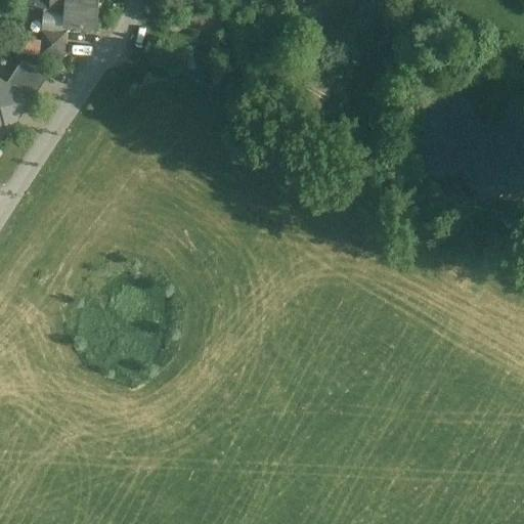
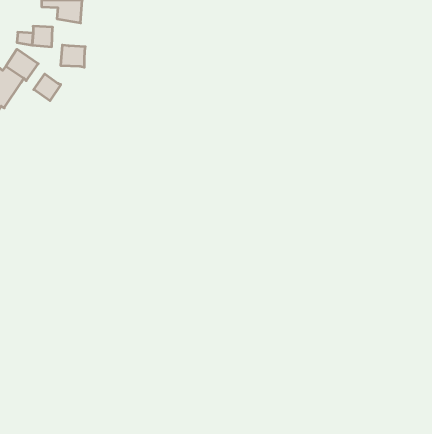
building: [40,7,70,34] -> [61,45,85,67]
building: none -> [34,74,61,101]

